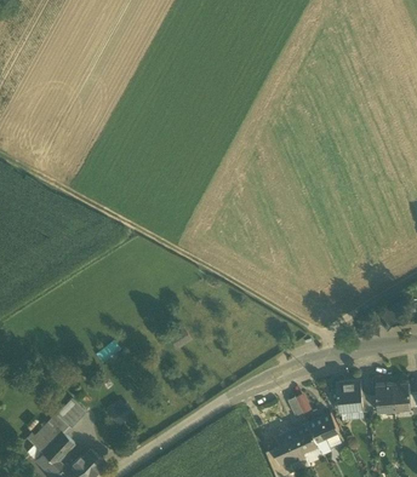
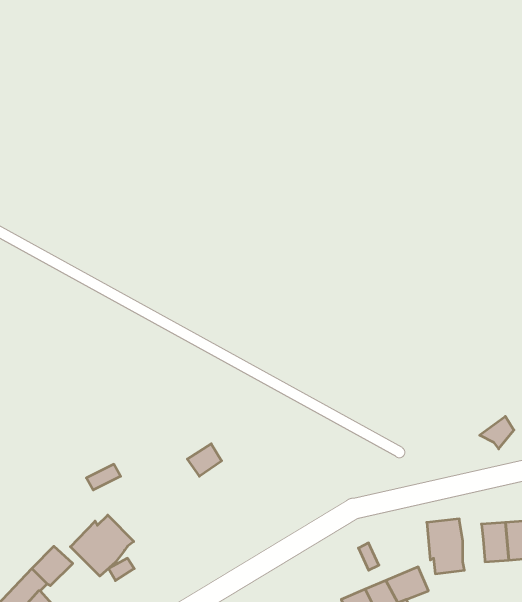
building: none -> [70,515,134,576]

